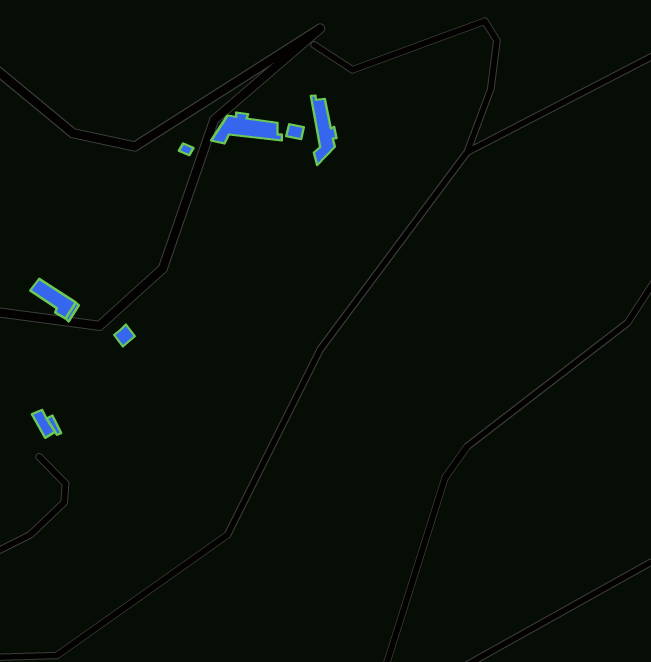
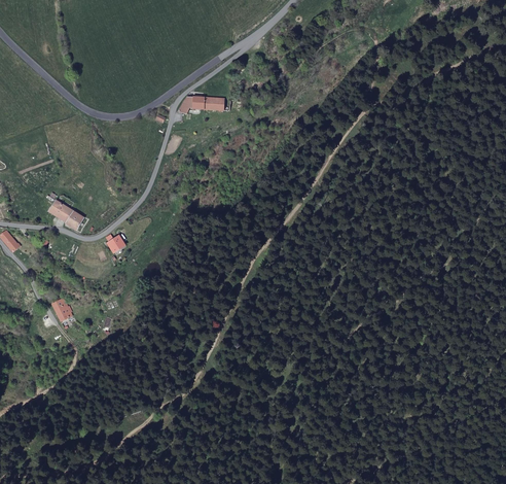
building: [311,95,336,165] -> none

